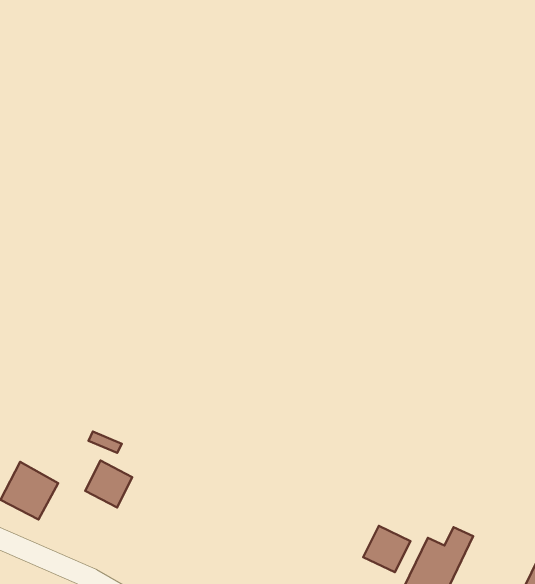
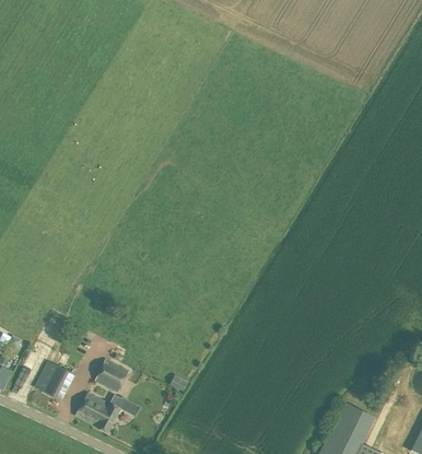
building: none -> [75,392,132,433]
building: [363,526,410,572] -> none

